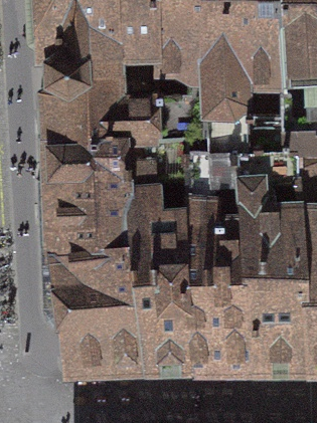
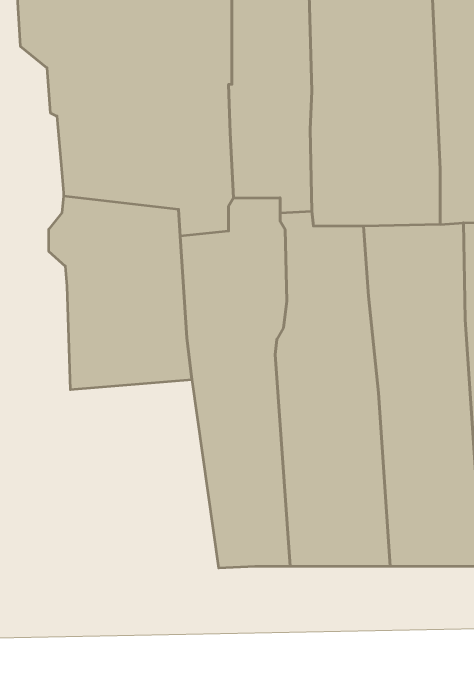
building: [58,243,148,361] -> none

